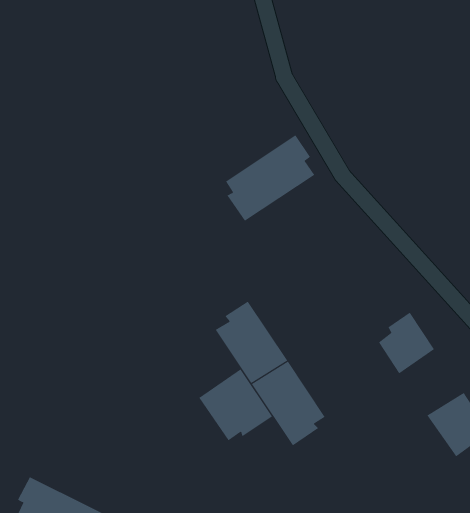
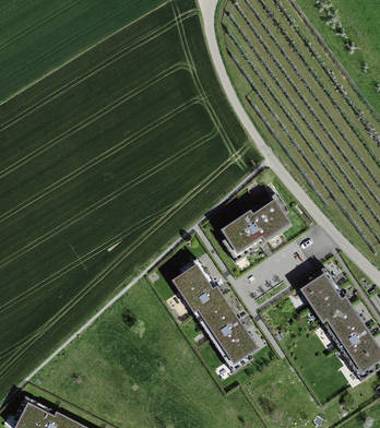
building: [225,135,315,222] -> [221,192,292,261]
building: none -> [317,295,368,347]
building: [199,368,273,441] -> none

